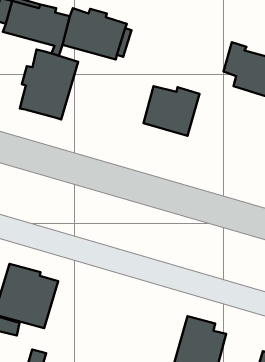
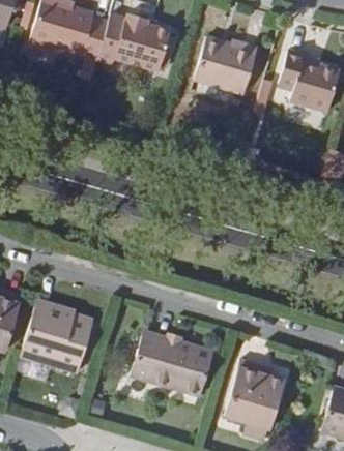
building: [20,50,78,120] -> none
building: [143,86,200,136] -> [195,38,258,94]
building: none -> [127,331,211,397]

